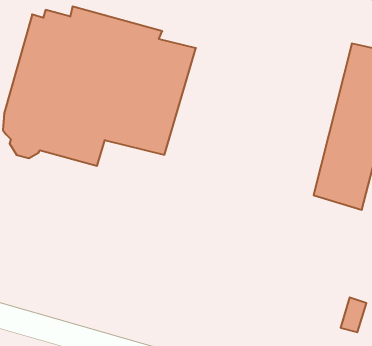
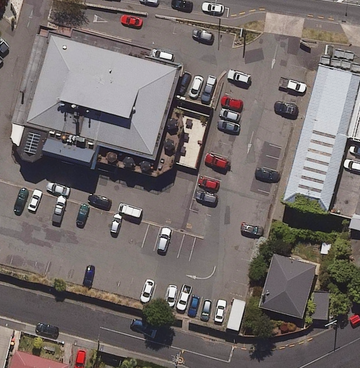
building: none -> [259,255,316,319]

